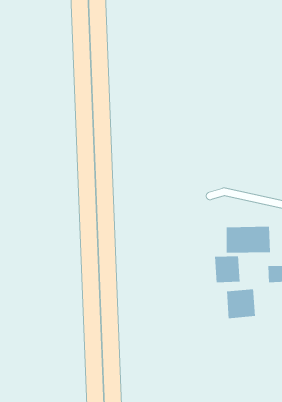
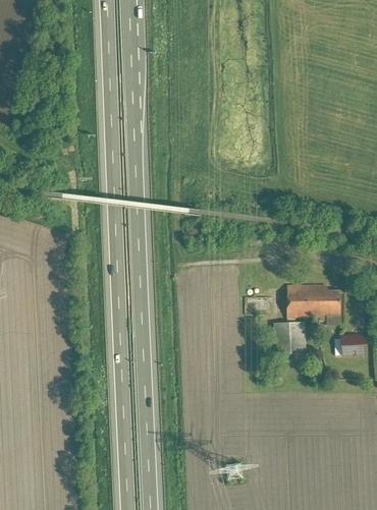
building: [227,289,255,319] -> none

